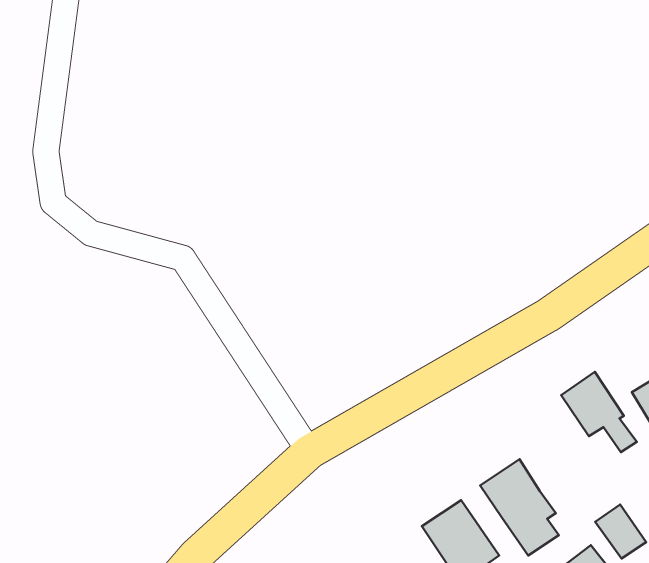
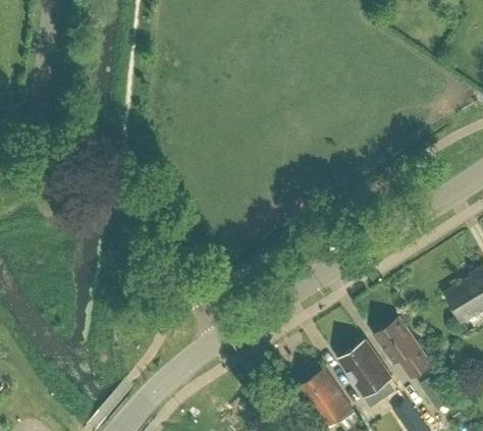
building: [561,372,637,452] -> [375,318,428,374]

